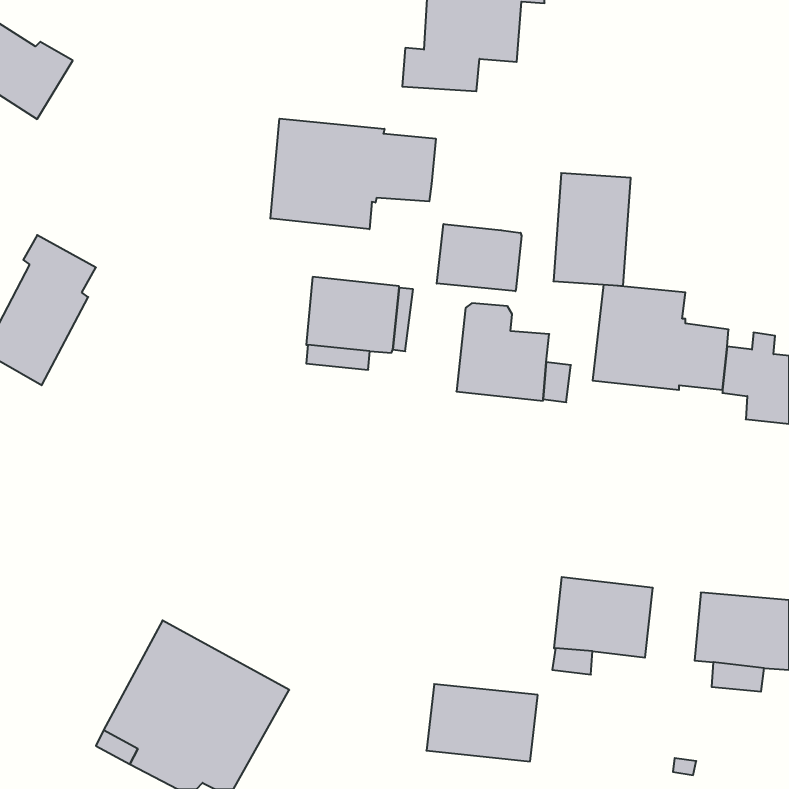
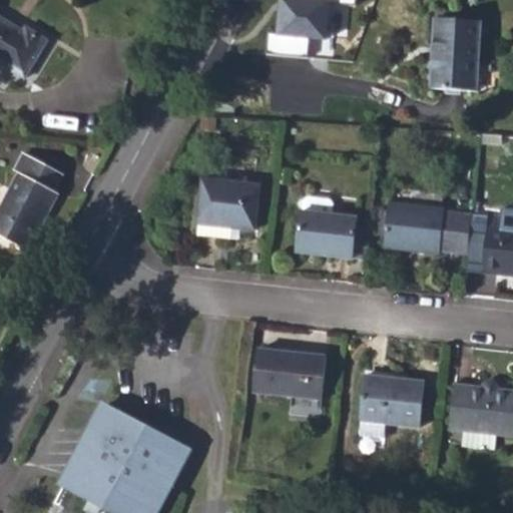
building: [270,119,436,229] -> none
building: [553,173,631,286] -> [431,17,481,90]
building: [437,224,521,291] -> none
building: [426,684,538,761] -> [252,348,325,398]

